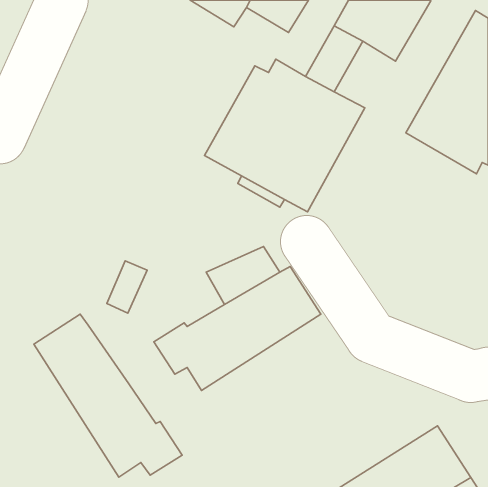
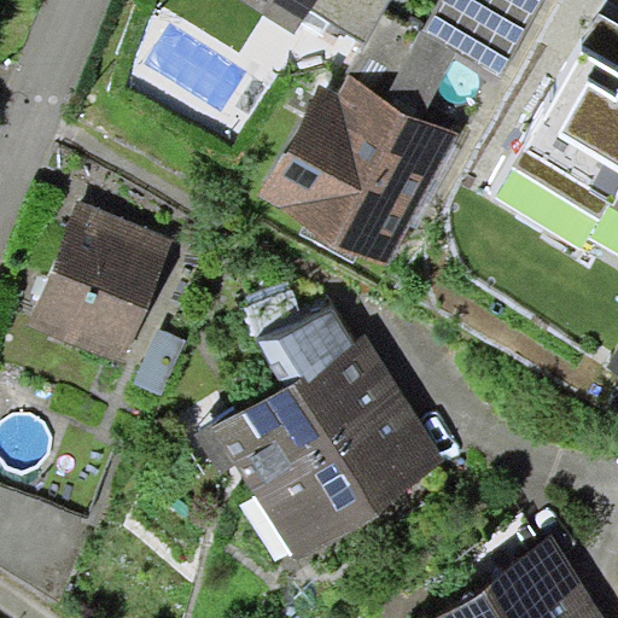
building: none -> [30,202,176,363]
building: none -> [255,398,448,561]
building: [34,314,182,477] -> none

